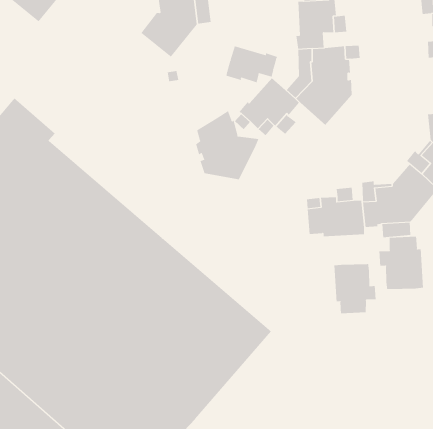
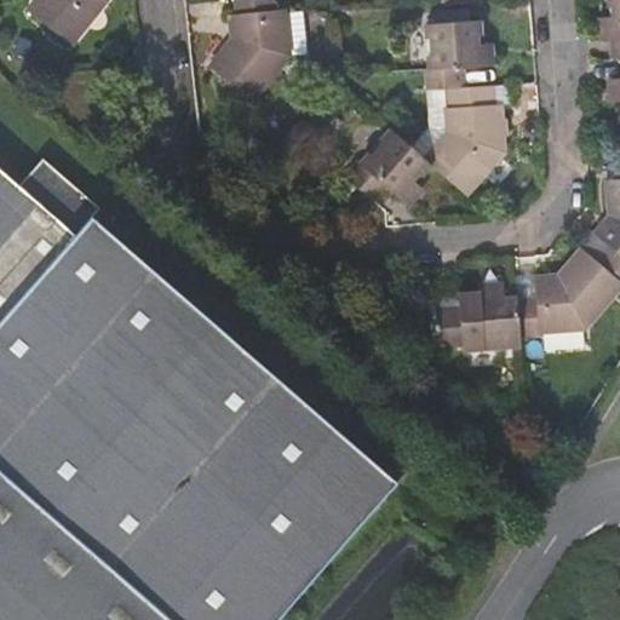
building: [226,46,278,83] -> none
building: [195,110,259,180] -> none
building: [379,236,424,290] -> none
building: [334,263,376,314] -> none

